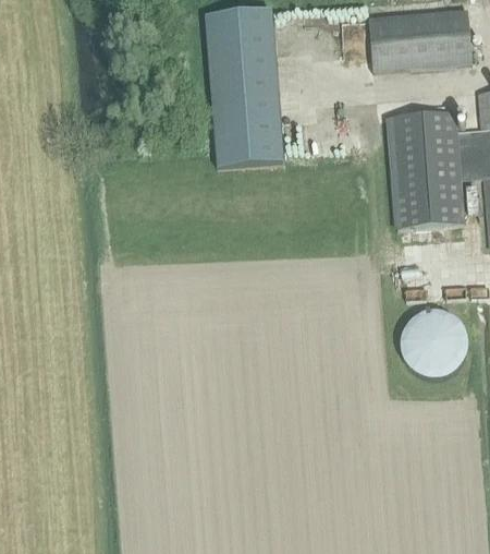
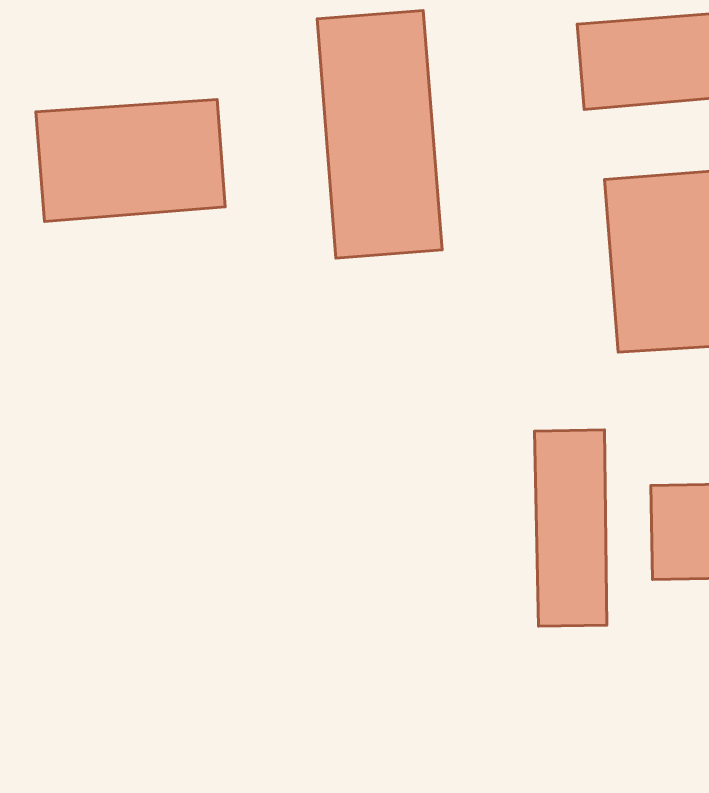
building: none -> [36,99,225,221]
building: none -> [535,430,607,626]

